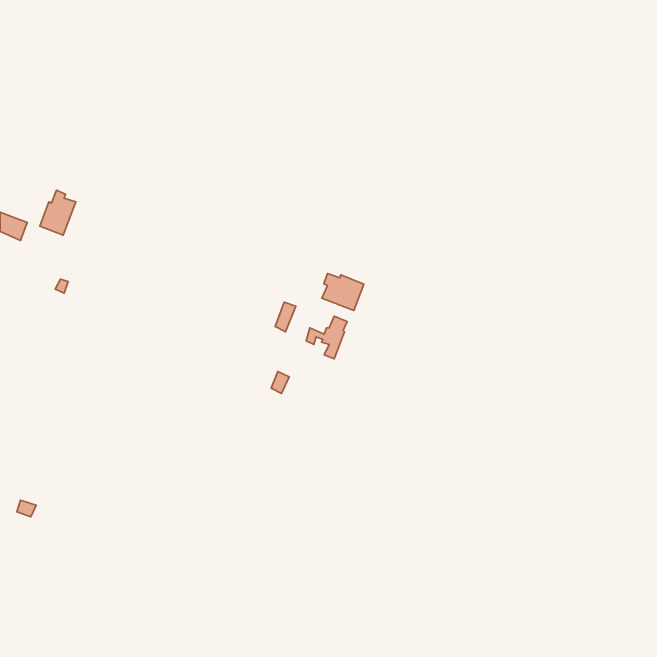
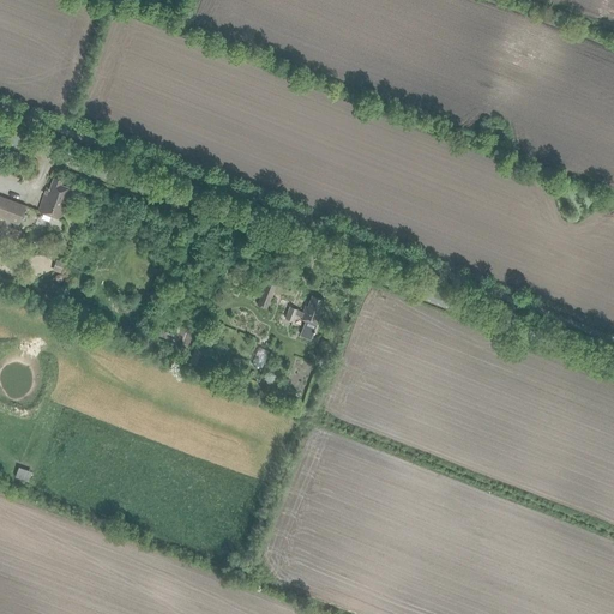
building: [322,273,364,310] -> none

